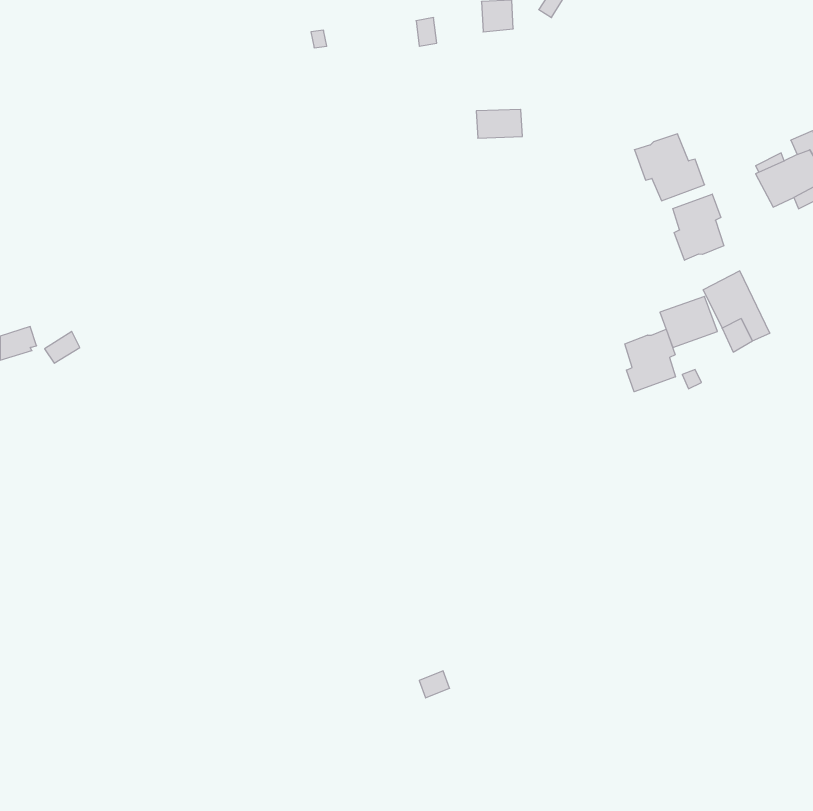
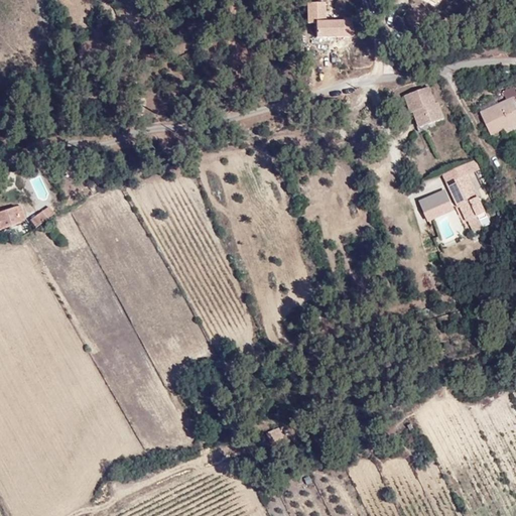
building: [476,109,522,138] -> [314,18,344,36]
building: [673,194,724,260] -> none
building: [625,329,675,392] -> none

